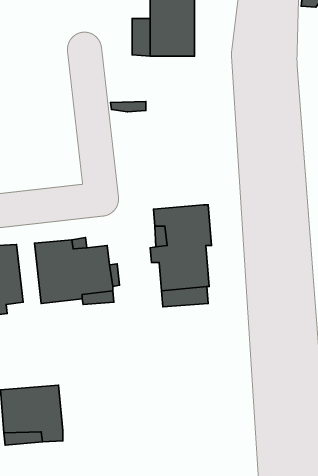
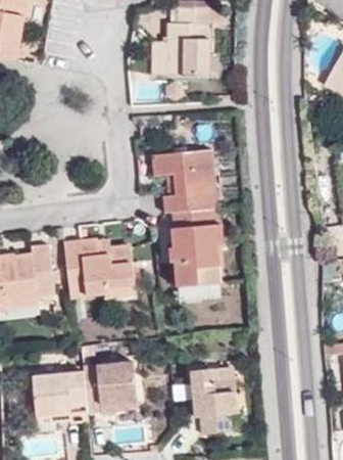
building: none -> [152,149,215,213]
building: none -> [85,361,138,411]
building: none -> [190,367,238,433]

